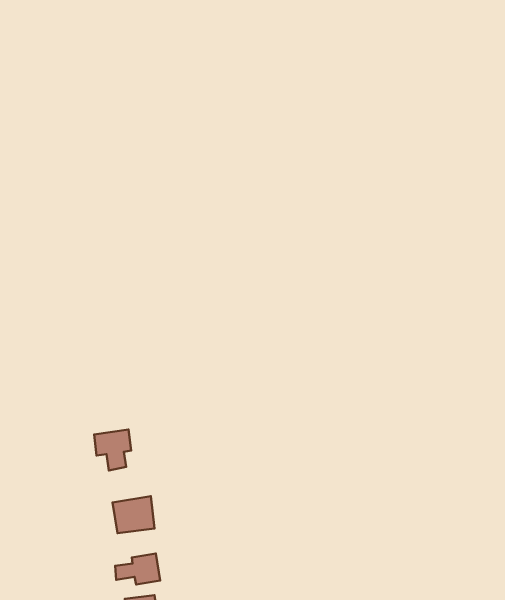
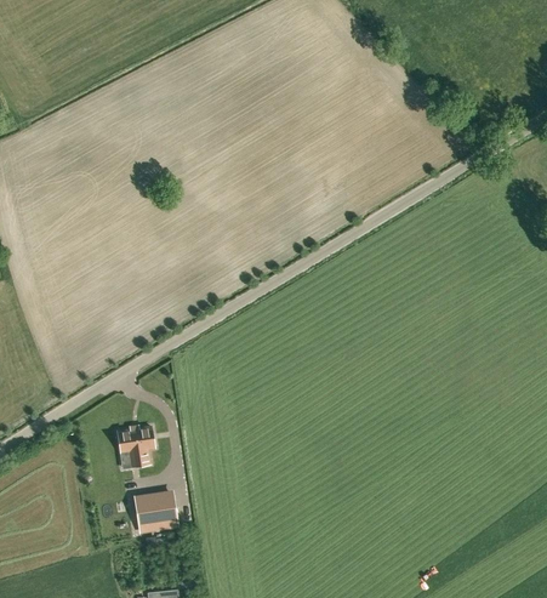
building: [115,553,160,585] -> none

